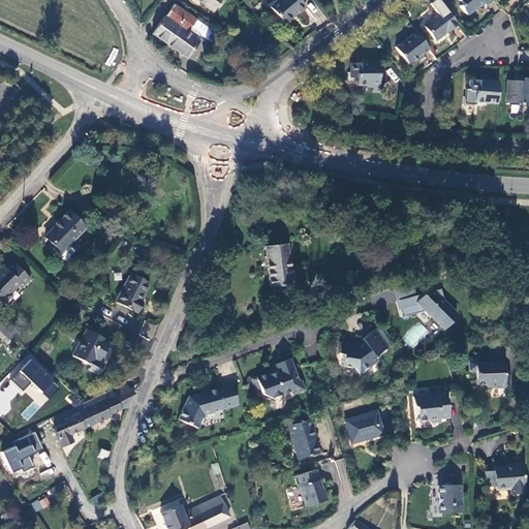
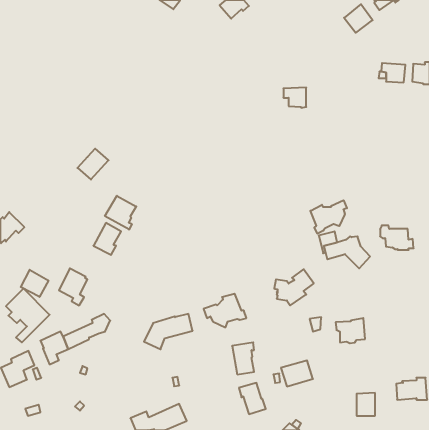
building: [153,5,200,58] -> none
building: [396,29,429,62] -> none
building: [351,60,379,85] -> [283,88,306,108]
building: [46,212,85,250] -> [77,149,109,180]
building: none -> [105,196,136,230]
building: [266,244,292,286] -> none
building: none -> [310,200,347,234]
building: none -> [21,270,48,297]
building: [471,359,512,388] -> [380,225,414,250]
building: [345,411,384,443] -> [281,360,313,386]

